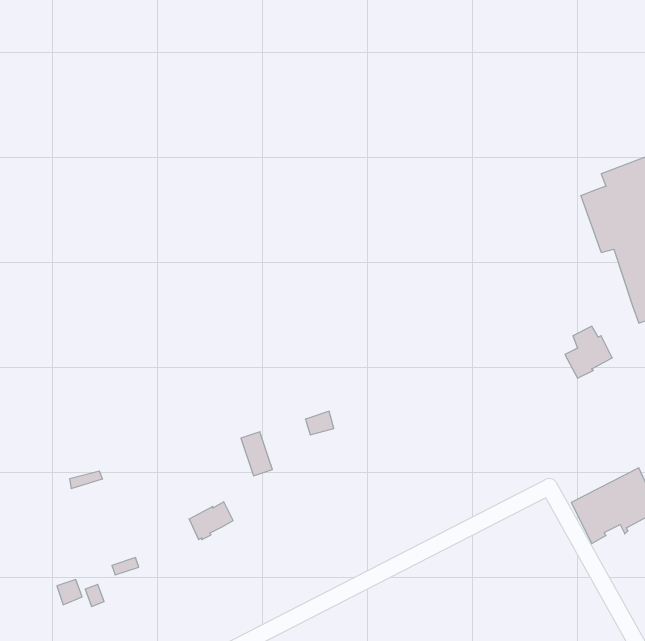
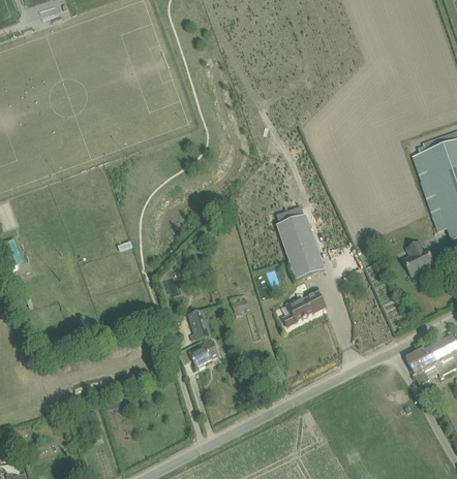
building: none -> [275,213,324,279]
building: none -> [282,291,325,325]
building: [189,502,233,540] -> [189,342,218,366]

